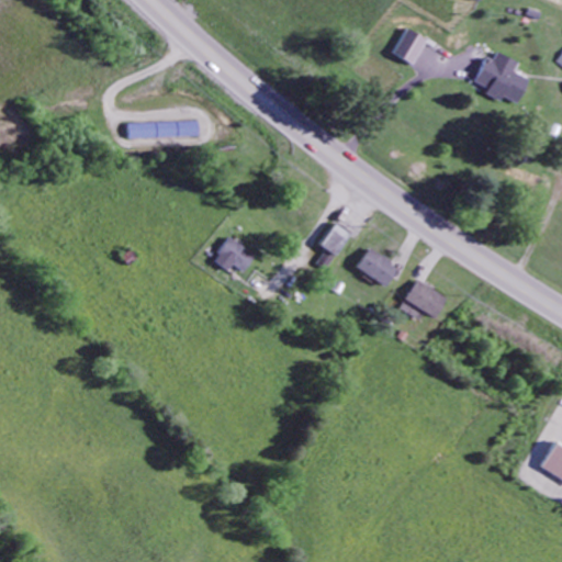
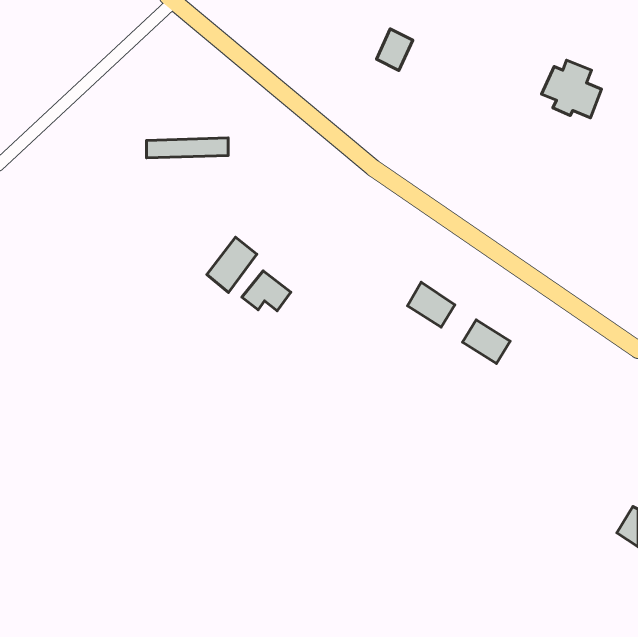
building: [393,29,425,65] -> [376,29,413,70]
building: none -> [207,237,257,293]
building: [319,223,350,256] -> none

